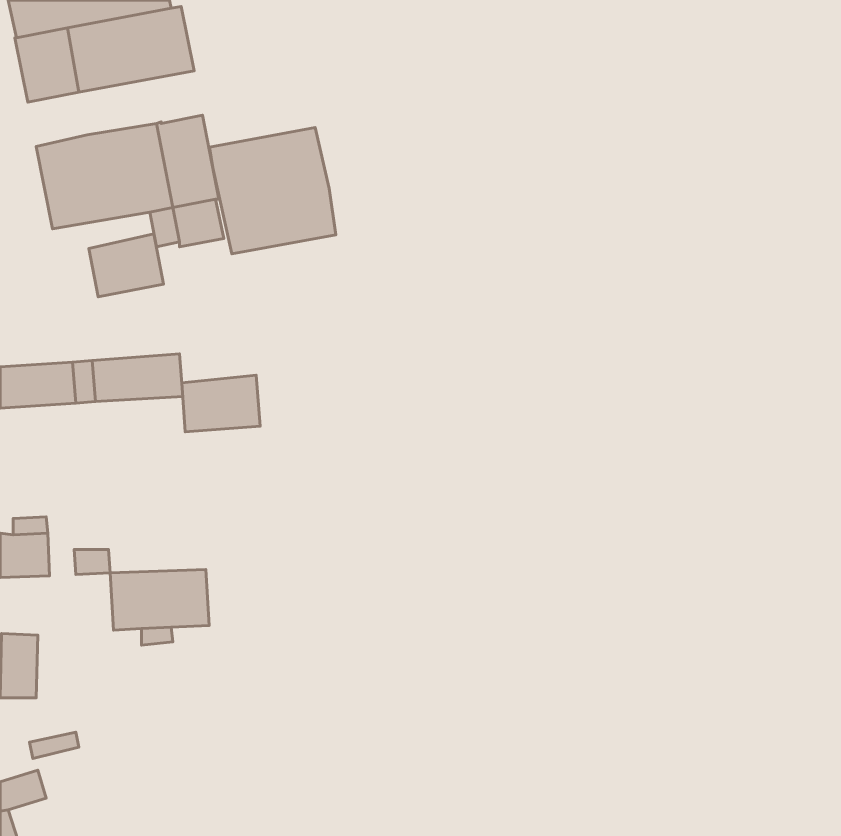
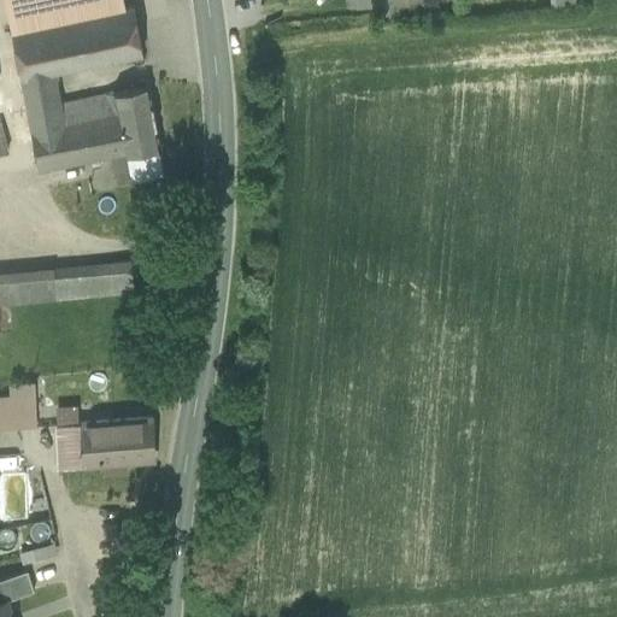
building: none -> [20,71,64,111]
building: [209,127,336,254] -> none
building: [89,234,164,297] -> none
building: [182,375,260,432] -> none
building: none -> [55,423,83,466]

